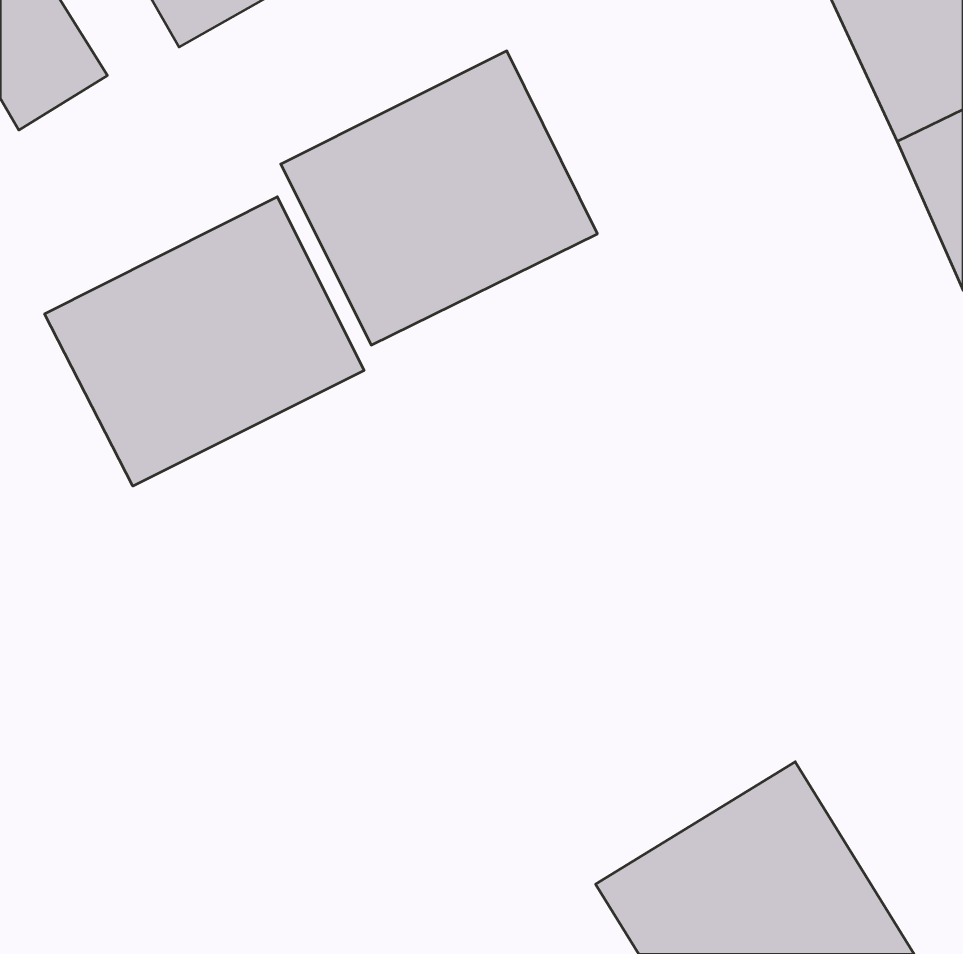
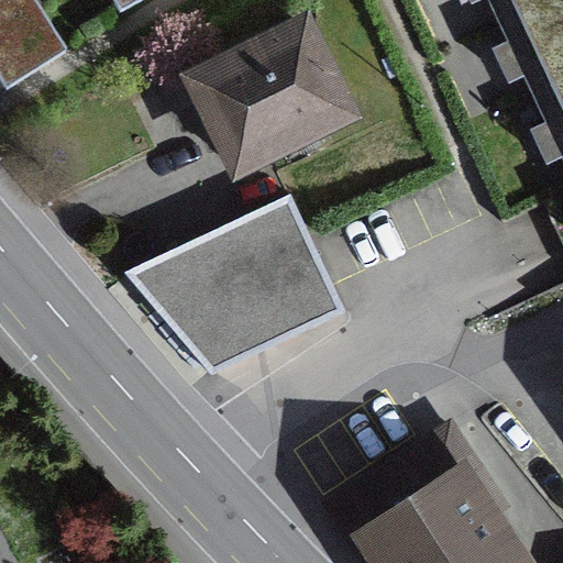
building: [45,197,364,486] -> none
building: none -> [133,197,343,365]

